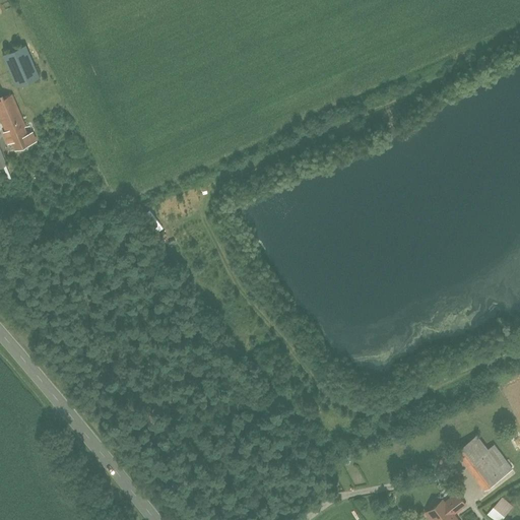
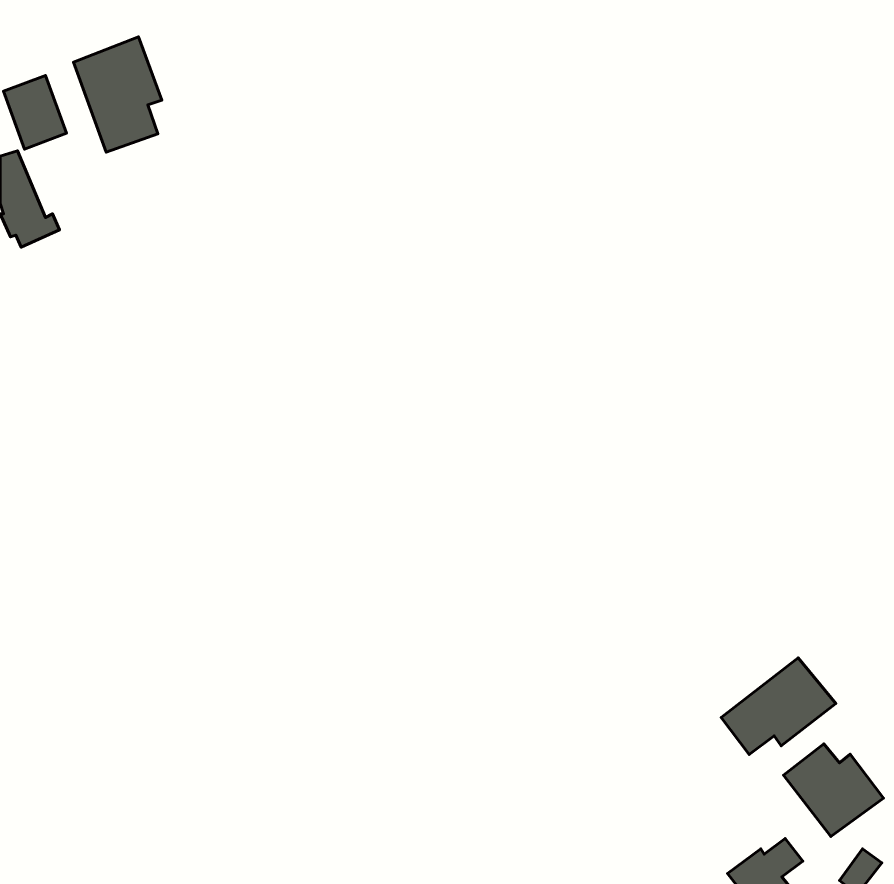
building: none -> [74,37,162,152]
building: none -> [721,658,836,754]

